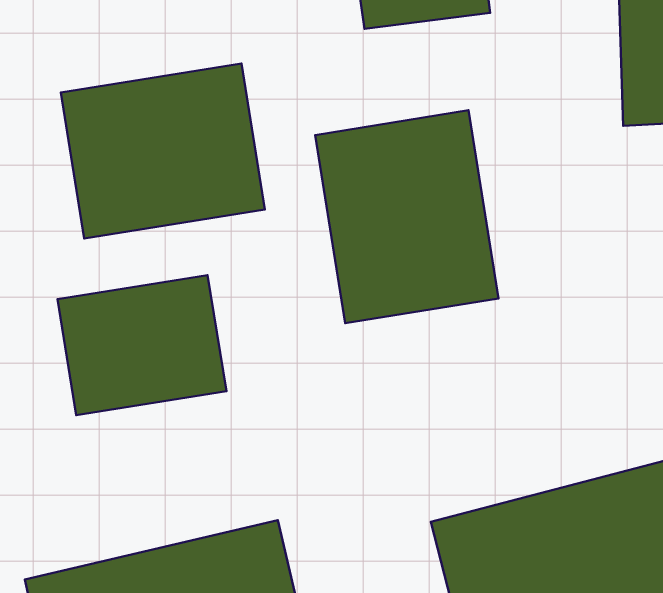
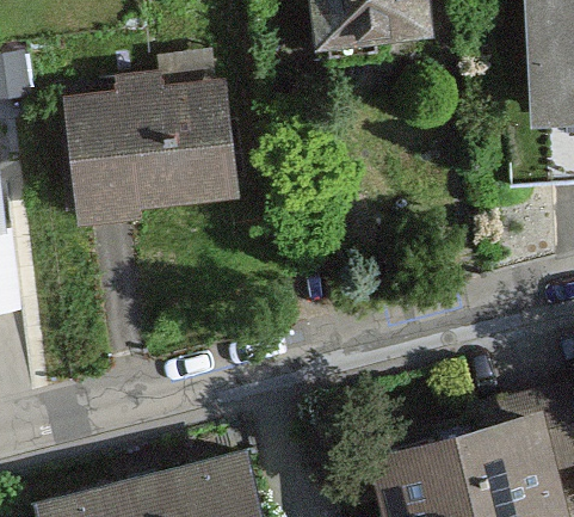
building: [315,110,498,323] -> none
building: [57,275,226,415] -> none

